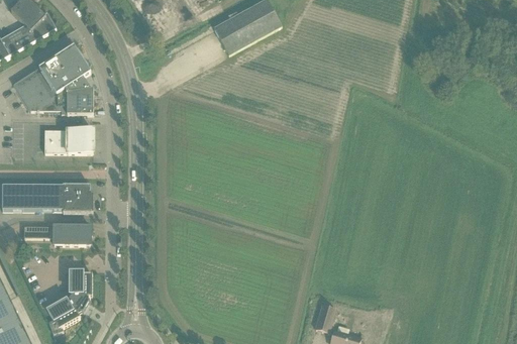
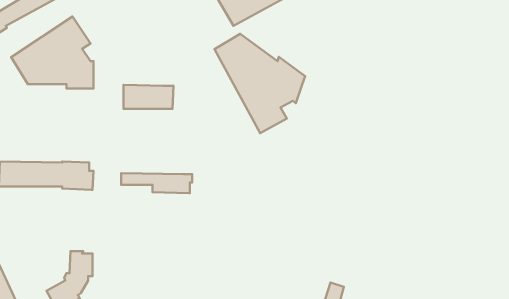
building: none -> [215,34,305,133]
building: [43,128,92,151] -> [124,85,174,109]
building: [22,224,91,243] -> [121,173,192,193]

